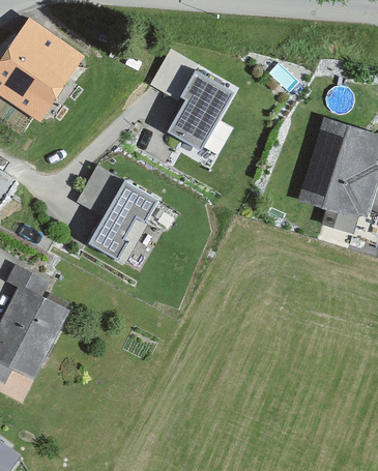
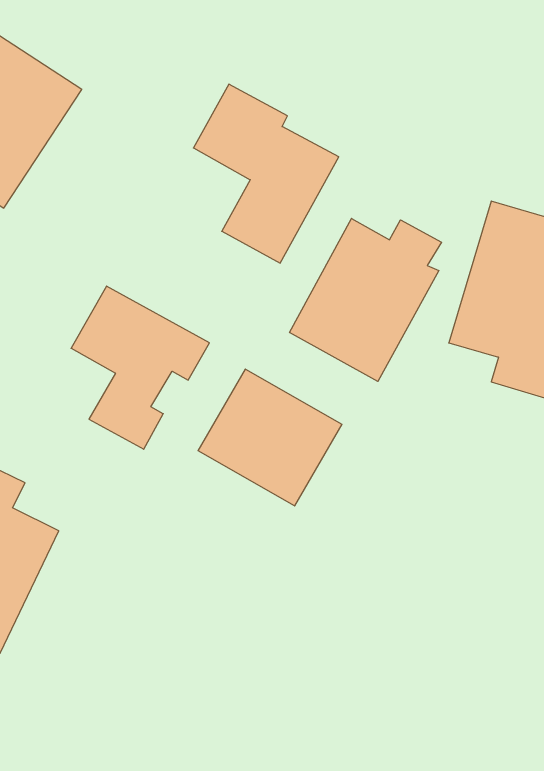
building: none -> [290,218,442,381]
building: none -> [198,369,342,506]

